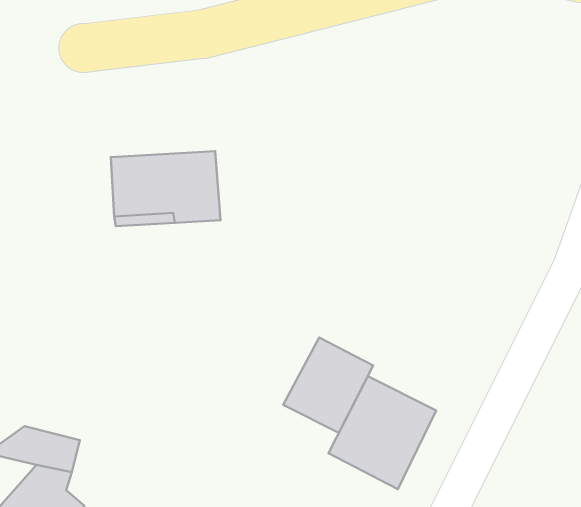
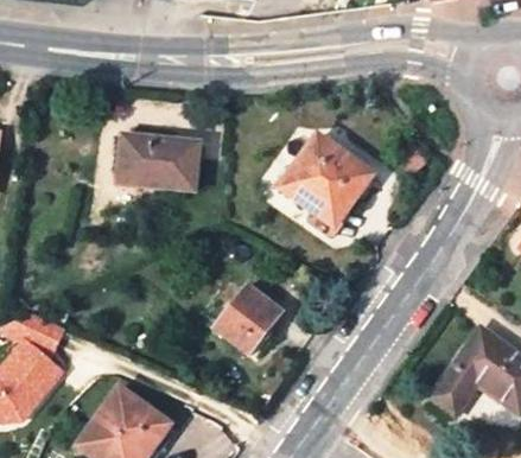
building: none -> [282,134,370,218]
building: [329,376,436,489] -> none

